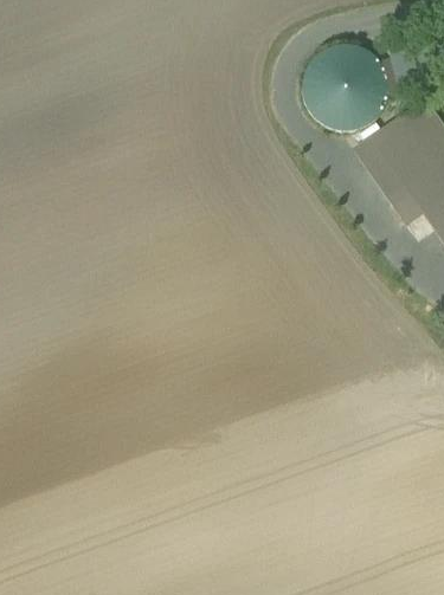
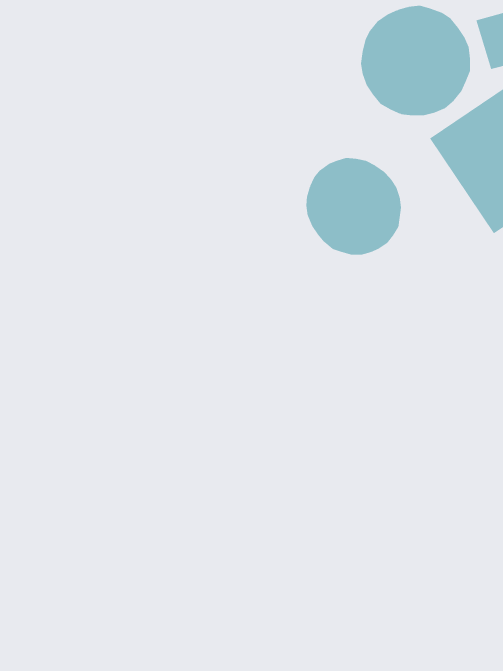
building: none -> [306,157,402,256]

